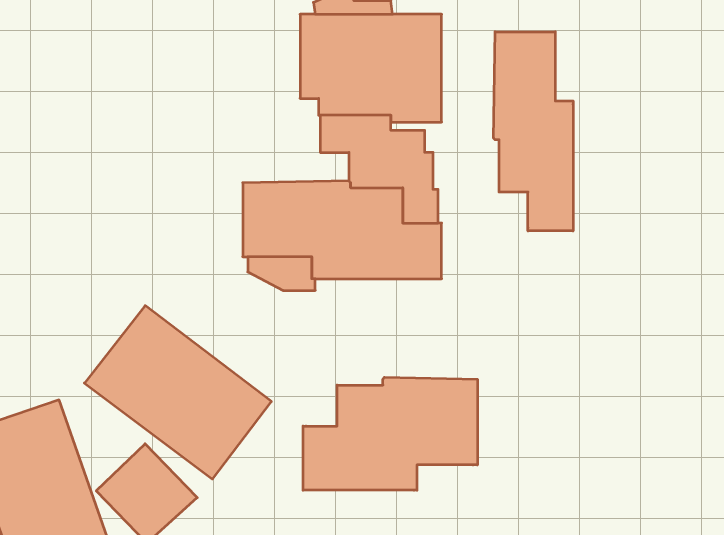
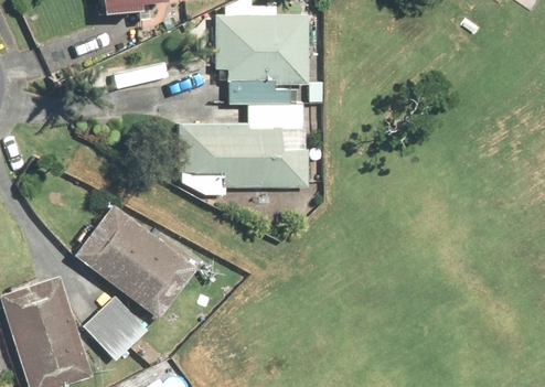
building: [494,32,573,231] -> none
building: [303,377,477,490] -> none

